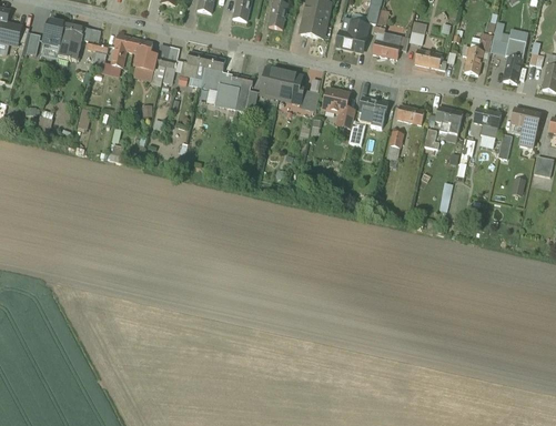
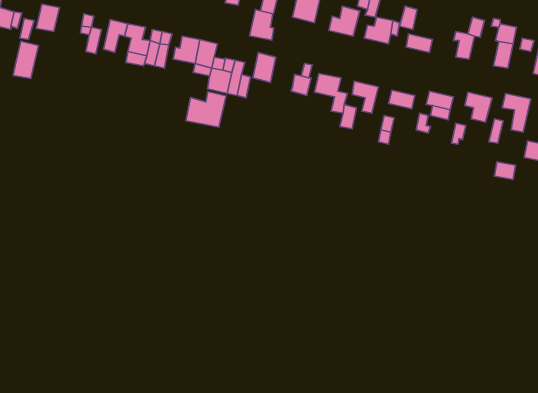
building: [58,22,83,60] -> [13,41,38,79]
building: [277,71,302,102] -> [250,9,274,40]
building: none -> [186,92,226,127]

